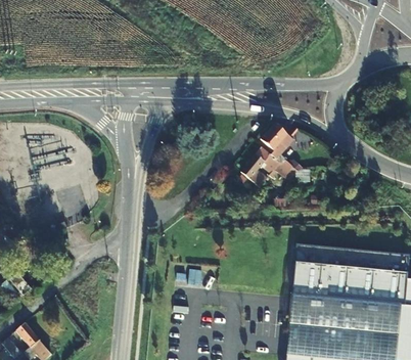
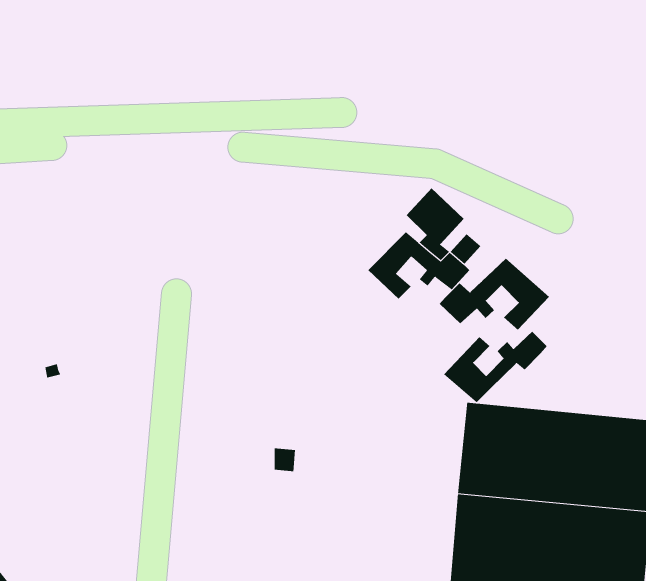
building: none -> [439,258,550,331]
building: none -> [443,331,548,403]

